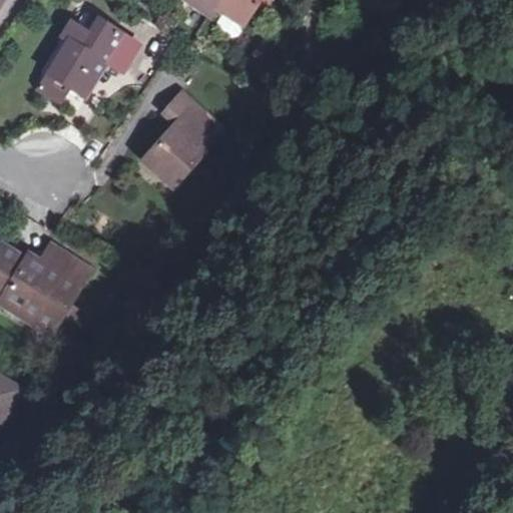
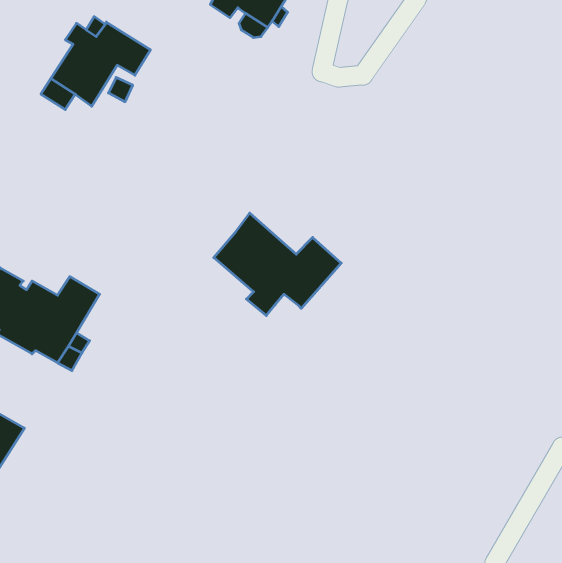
building: [143,92,222,187] -> none
building: none -> [214,213,341,316]

